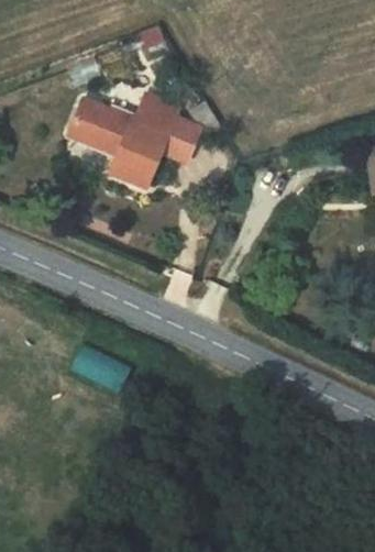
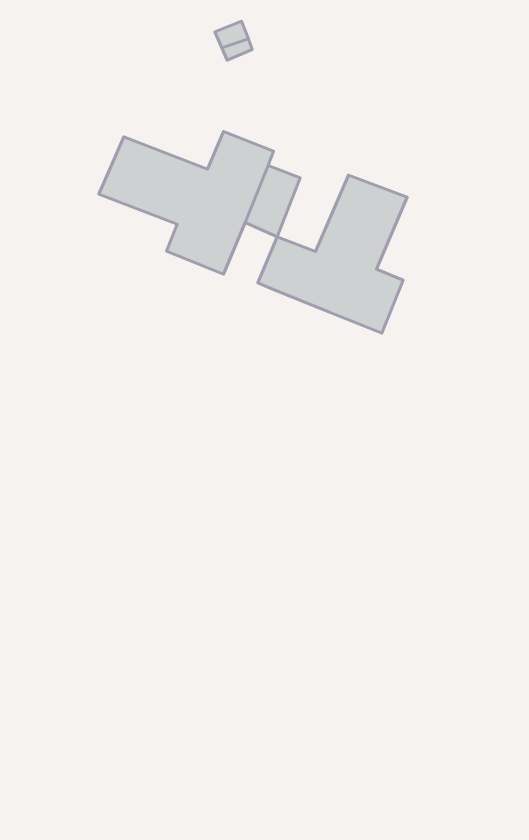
building: none -> [258,175,407,333]

